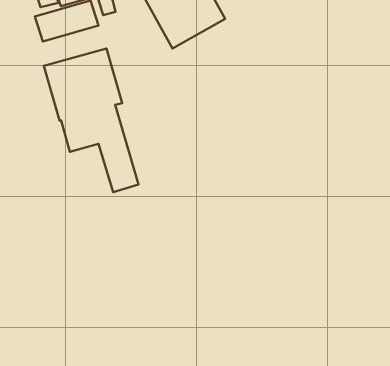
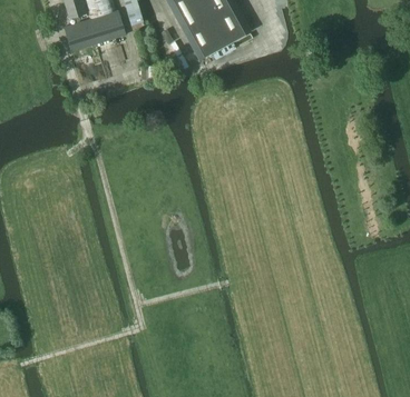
building: [44,48,138,192] -> none

